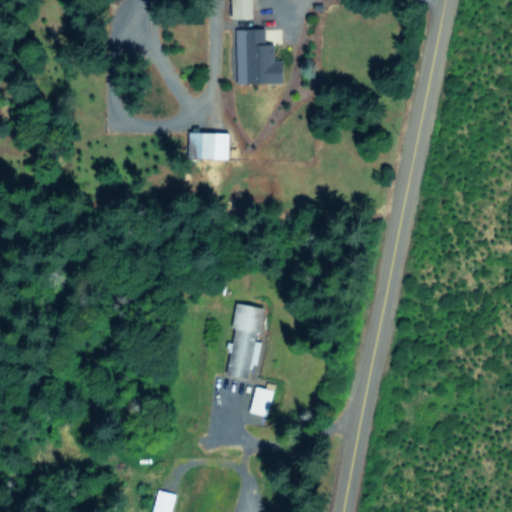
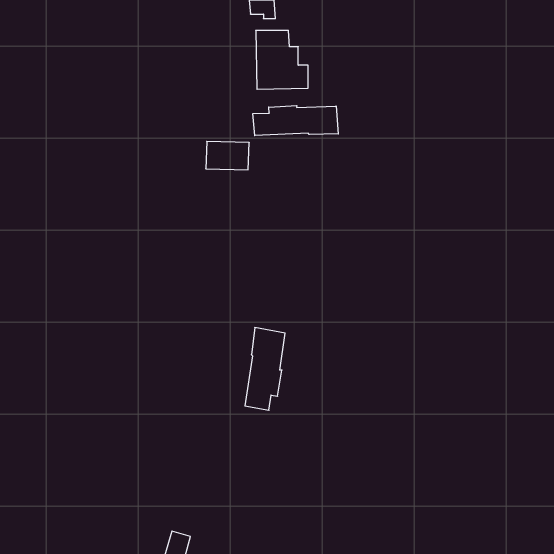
building: none -> [253,106,338,136]
building: [249,386,274,417] -> none

